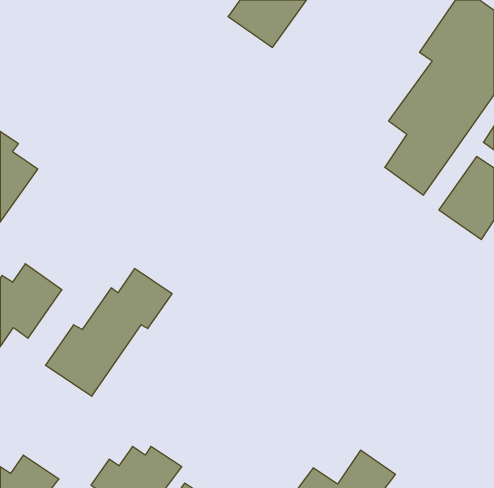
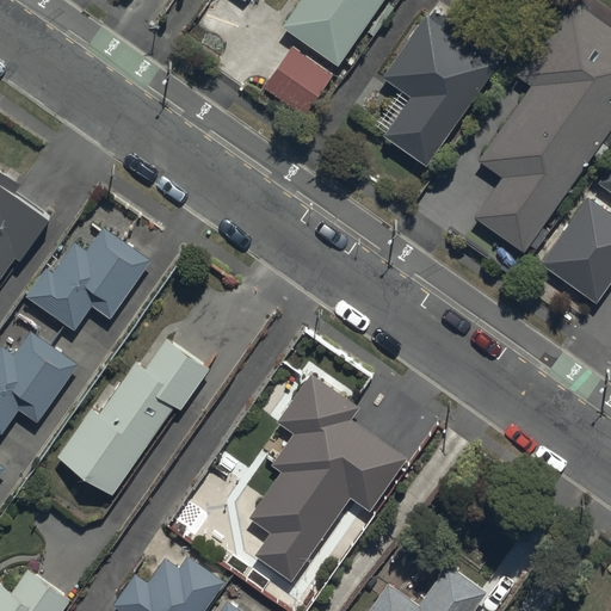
building: none -> [383,14,496,165]
building: none -> [264,48,332,116]
building: none -> [24,229,149,332]
building: none -> [251,376,408,582]

